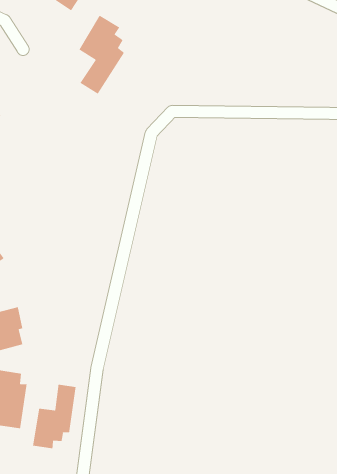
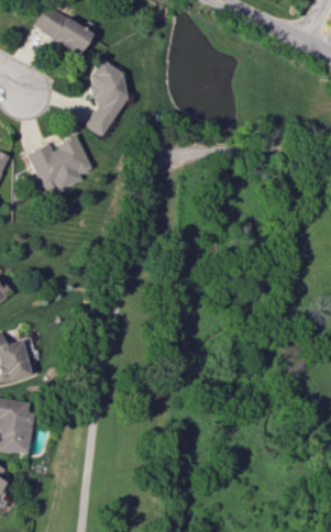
building: none -> [26,135,91,196]
building: [33,384,76,449] -> none

